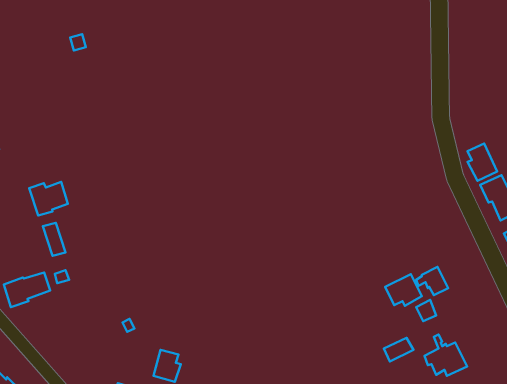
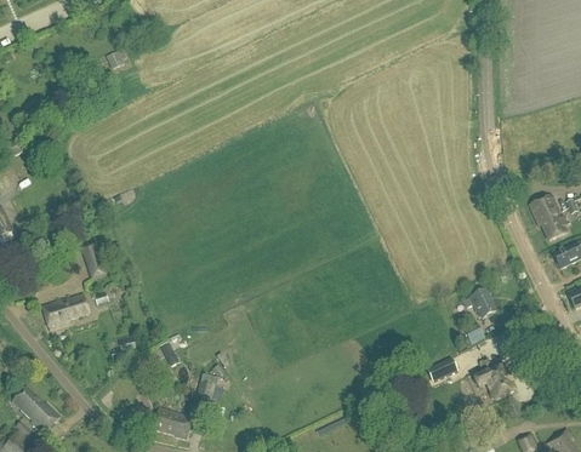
building: [467,144,497,181] -> none
building: [29,182,68,215] -> none
building: [385,274,422,306] -> none

